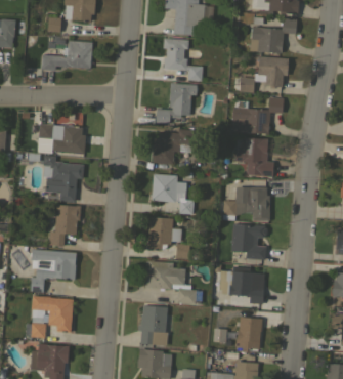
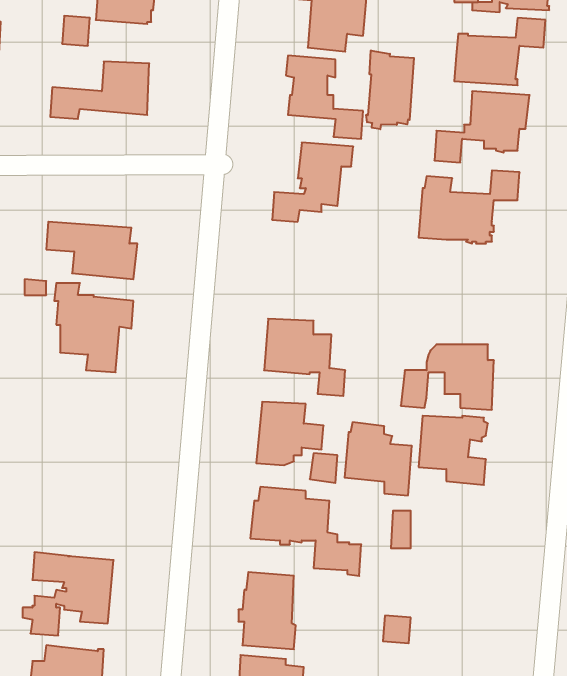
building: none -> [366,50,414,129]
building: [153,129,199,164] -> none
building: [234,137,274,177] -> none
building: [49,205,81,246] -> none
building: [31,249,76,292] -> none
building: [229,266,264,304] -> [345,422,412,495]
building: [235,317,262,348] -> none

